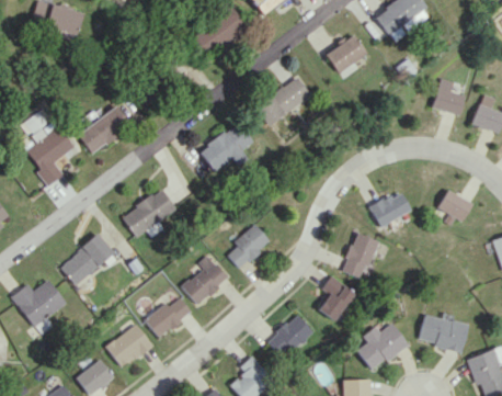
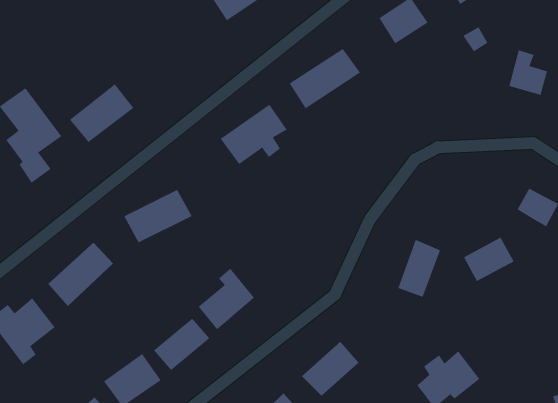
building: [370,191,412,227] -> [463,237,515,282]
building: [228,224,271,268] -> none
building: [319,275,355,321] -> none
building: [419,314,468,352] -> none

